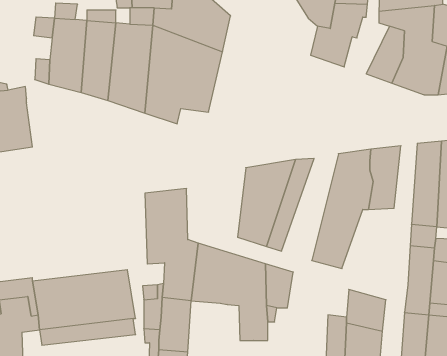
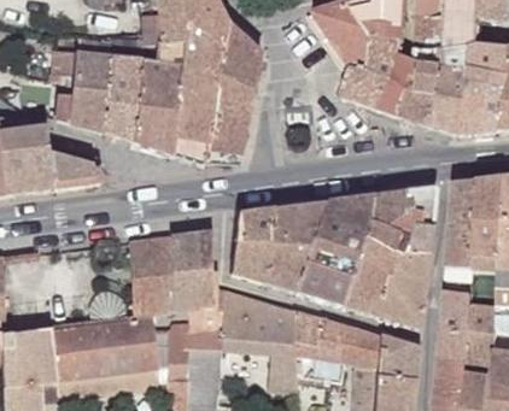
building: none -> [378,52,425,111]
building: none -> [47,141,100,187]
building: none -> [312,194,371,305]
building: none -> [233,209,275,281]
building: none -> [129,235,172,313]
building: none -> [375,251,429,327]
building: none -> [318,317,382,364]

